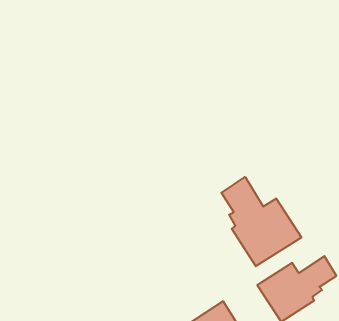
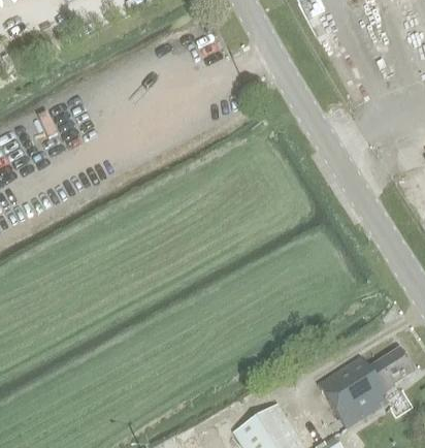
building: [221,177,301,266] -> none

